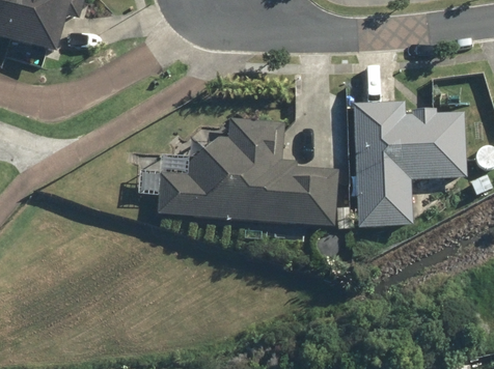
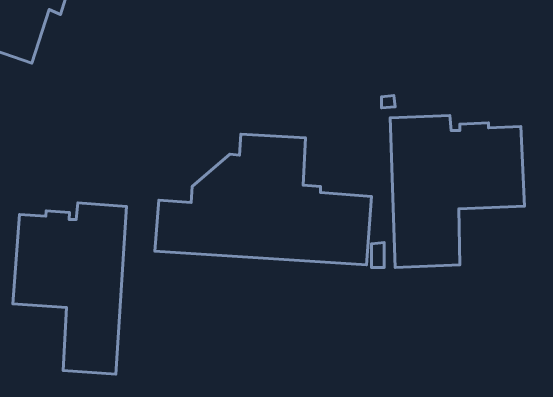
building: none -> [13,203,127,374]

